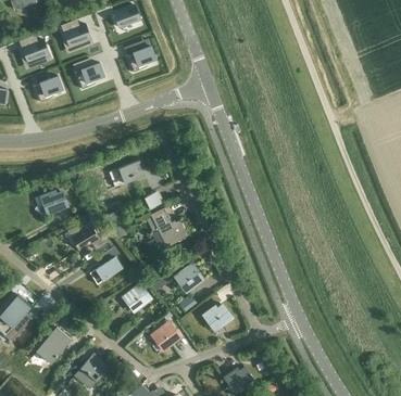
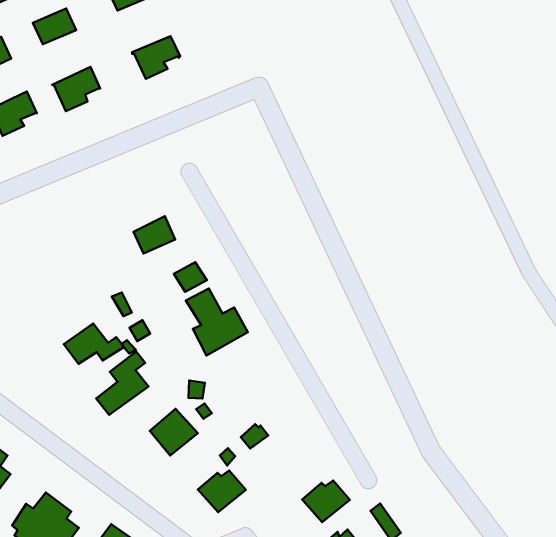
building: [39,190,67,214] -> none
building: [174,265,203,292] -> none
building: [202,304,233,330] -> [302,480,350,522]

